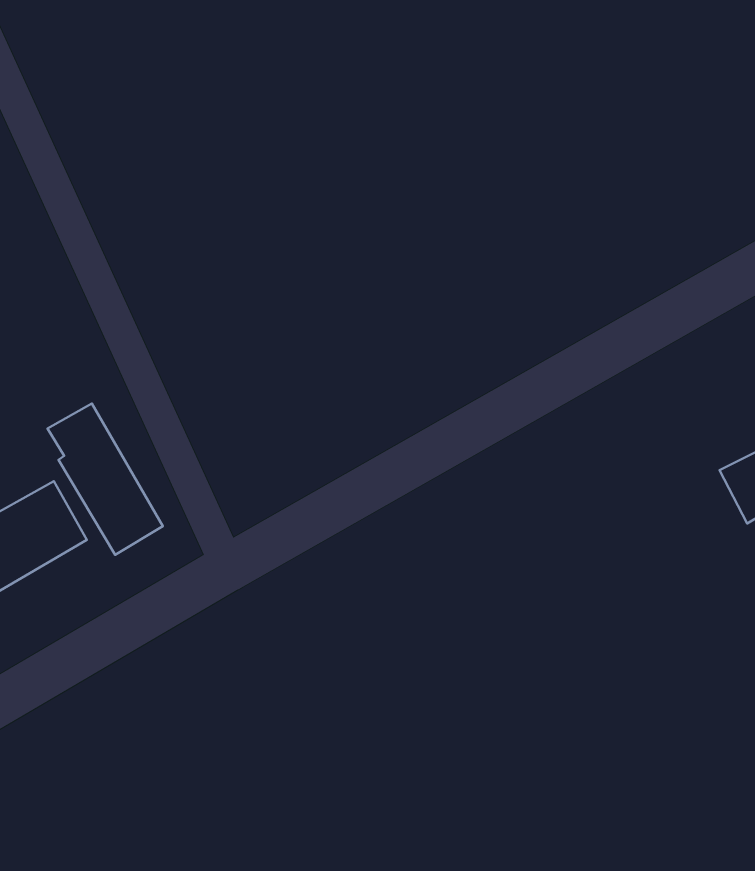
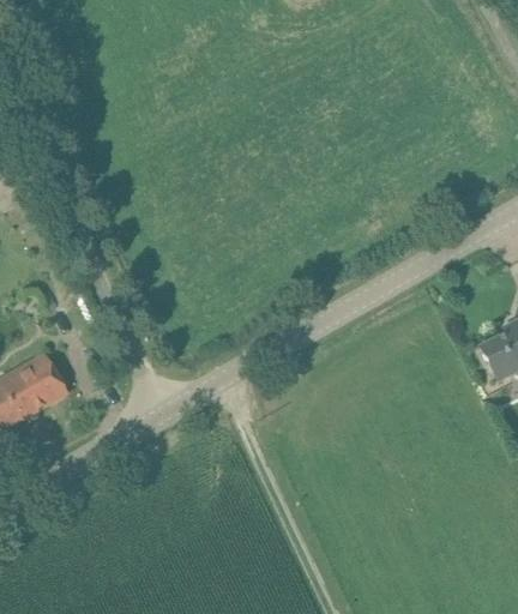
building: [48,403,163,555] -> none

